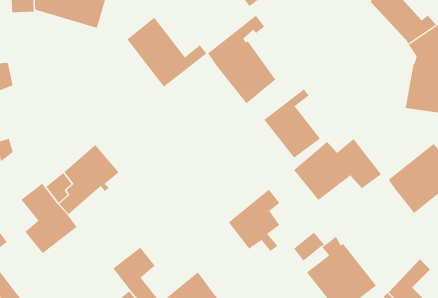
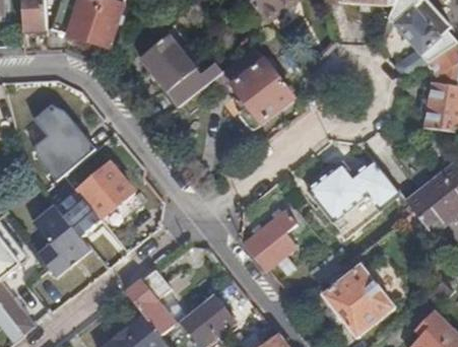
building: none -> [35,100,99,182]
building: [264,88,321,158] -> none

